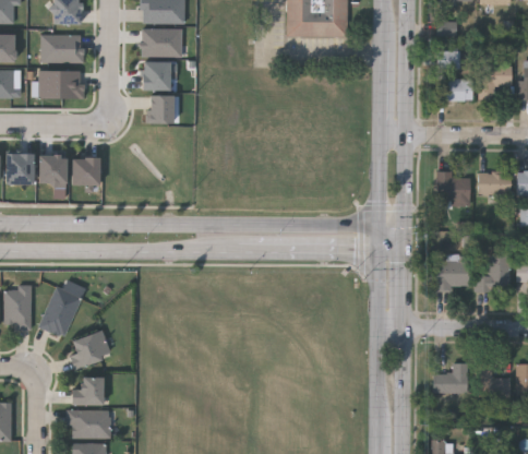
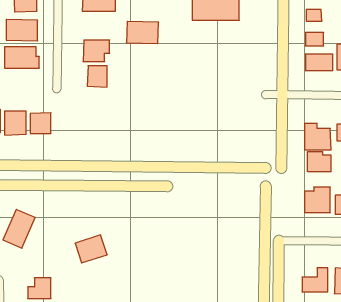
building: [142,27,184,57] -> [126,21,159,44]
building: none -> [308,152,331,172]
building: [68,328,110,366] -> [75,235,107,263]

